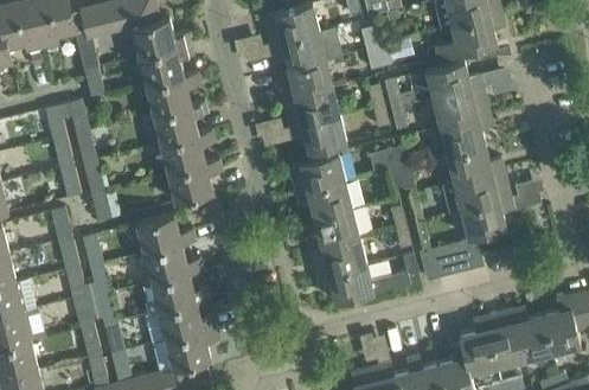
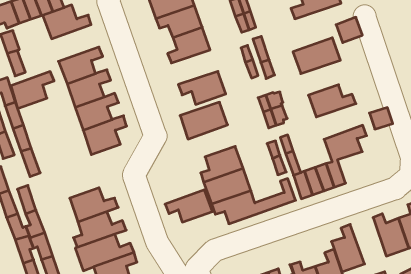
building: [140,44,193,85] -> [11,72,54,108]
building: [425,60,482,100] -> none
building: [283,88,339,127] -> none
building: [440,115,493,154] -> none
building: [454,170,510,210] -> none
building: [295,181,352,218] -> [165,190,212,222]
building: [136,215,196,254] -> none
building: [484,311,524,366] -> none

